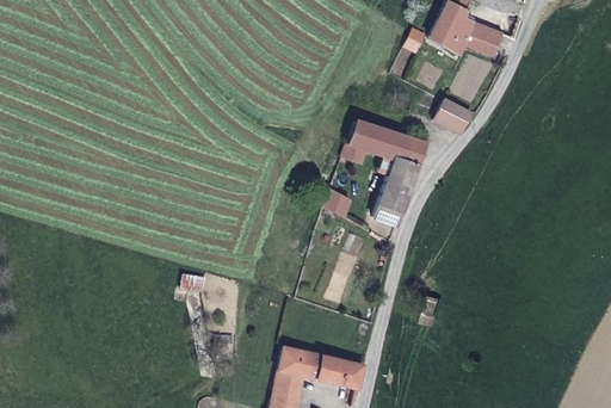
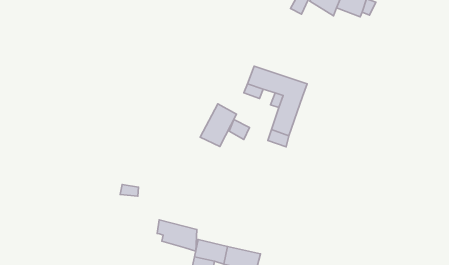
building: [434,99,471,134] -> none
building: none -> [200,104,237,147]
building: none -> [157,220,197,251]

